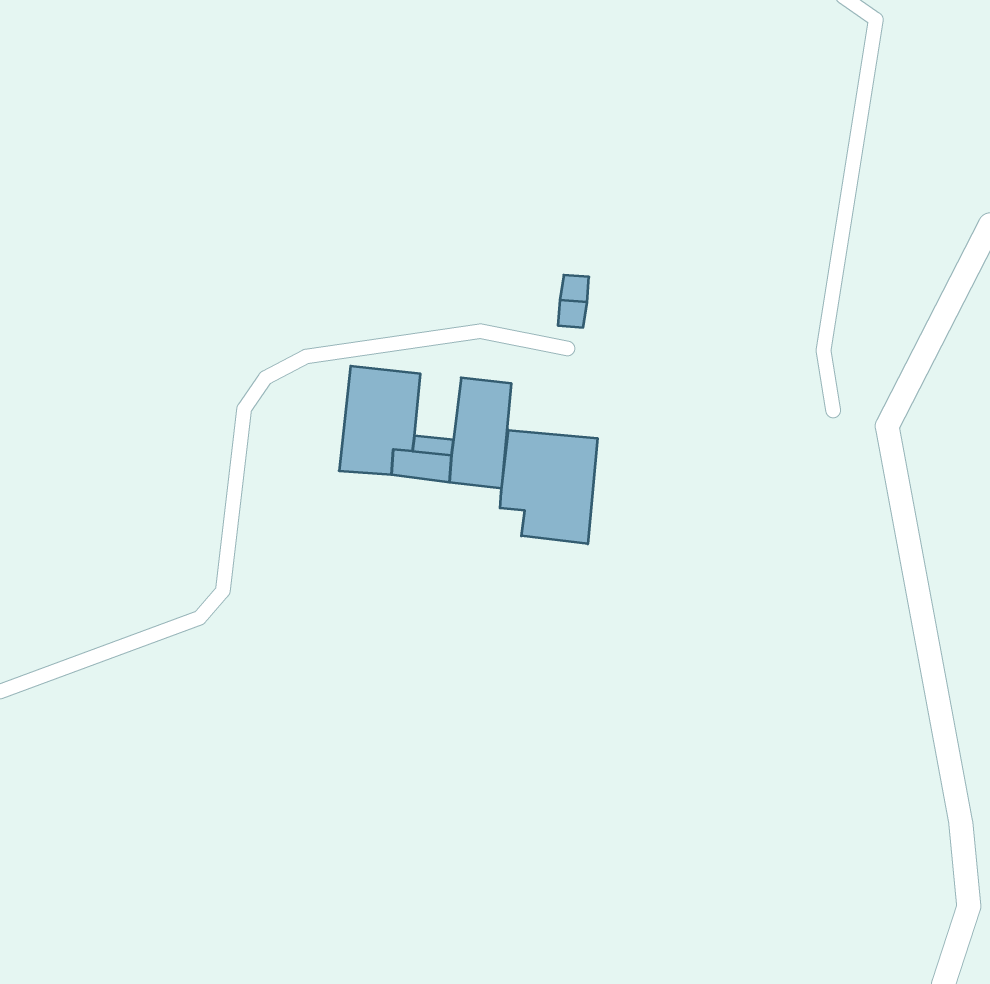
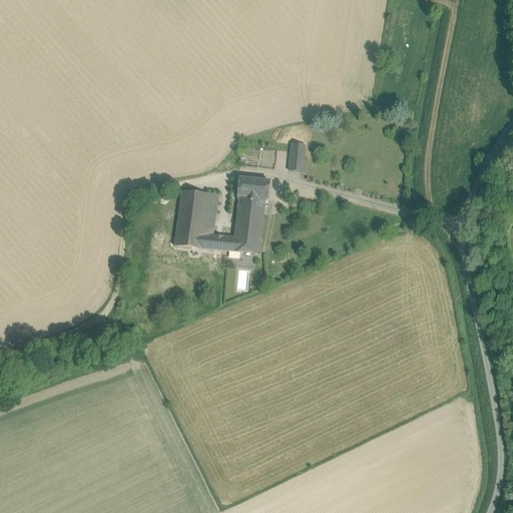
building: none -> [237,176,271,198]
building: [500,430,597,544] -> none

